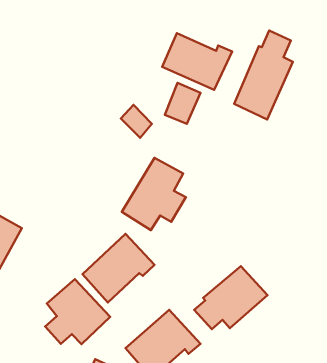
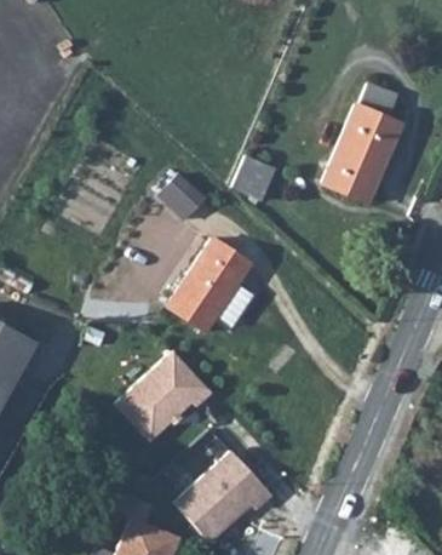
building: [162,33,232,90] -> none
building: [194,266,267,329] -> none
building: [45,279,110,344] -> none

